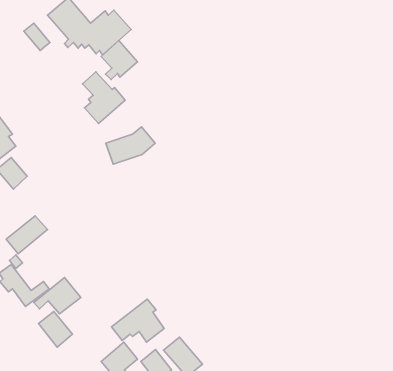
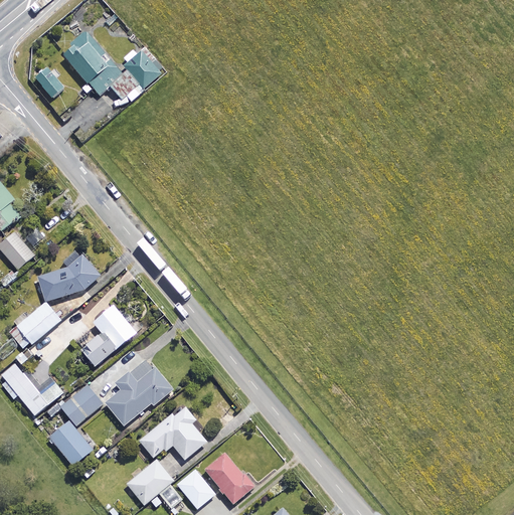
building: [101,40,137,80] -> none
building: [83,72,125,124] -> none
building: [106,127,155,164] -> [37,256,99,303]
building: none -> [80,302,141,366]
building: none -> [105,358,172,425]

